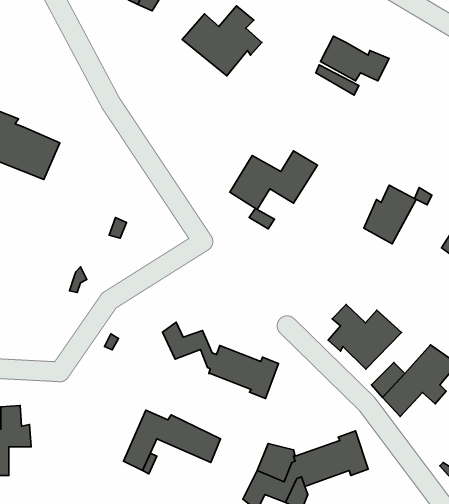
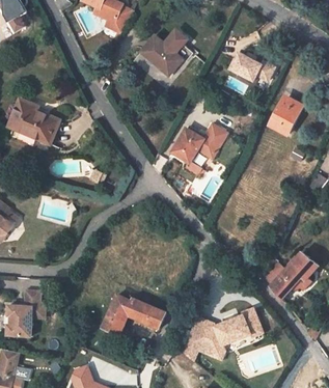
building: [364,185,416,244] -> [270,96,304,135]
building: [328,305,401,369] -> none
building: [163,322,278,399] -> none

